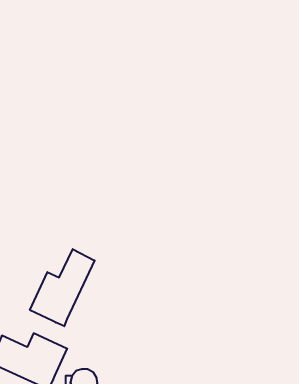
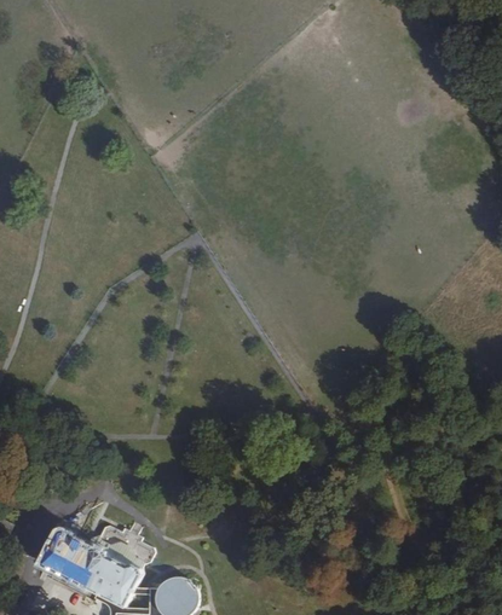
building: [30,249,95,326] -> none

